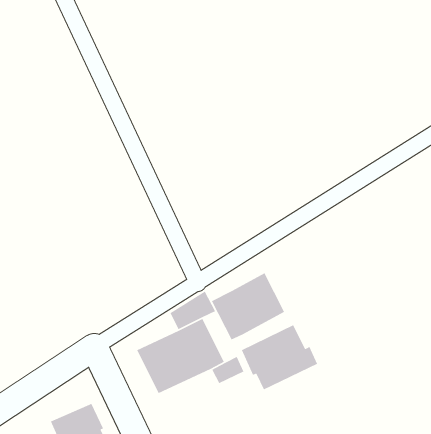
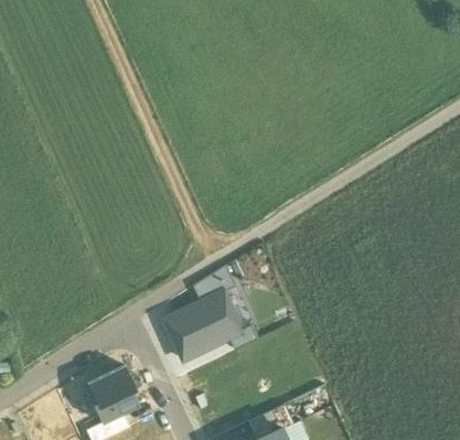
building: [211,272,285,341] -> none
building: [241,324,318,390] -> none

